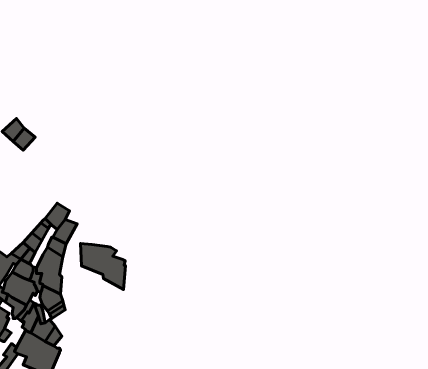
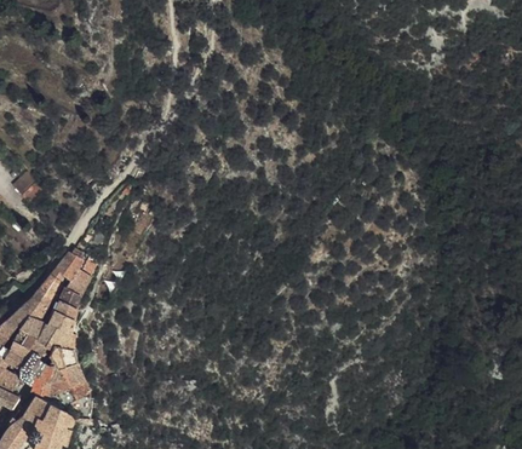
building: [80,244,125,289] -> none

